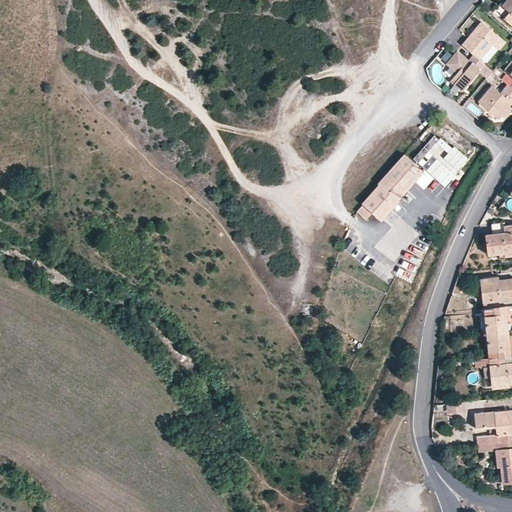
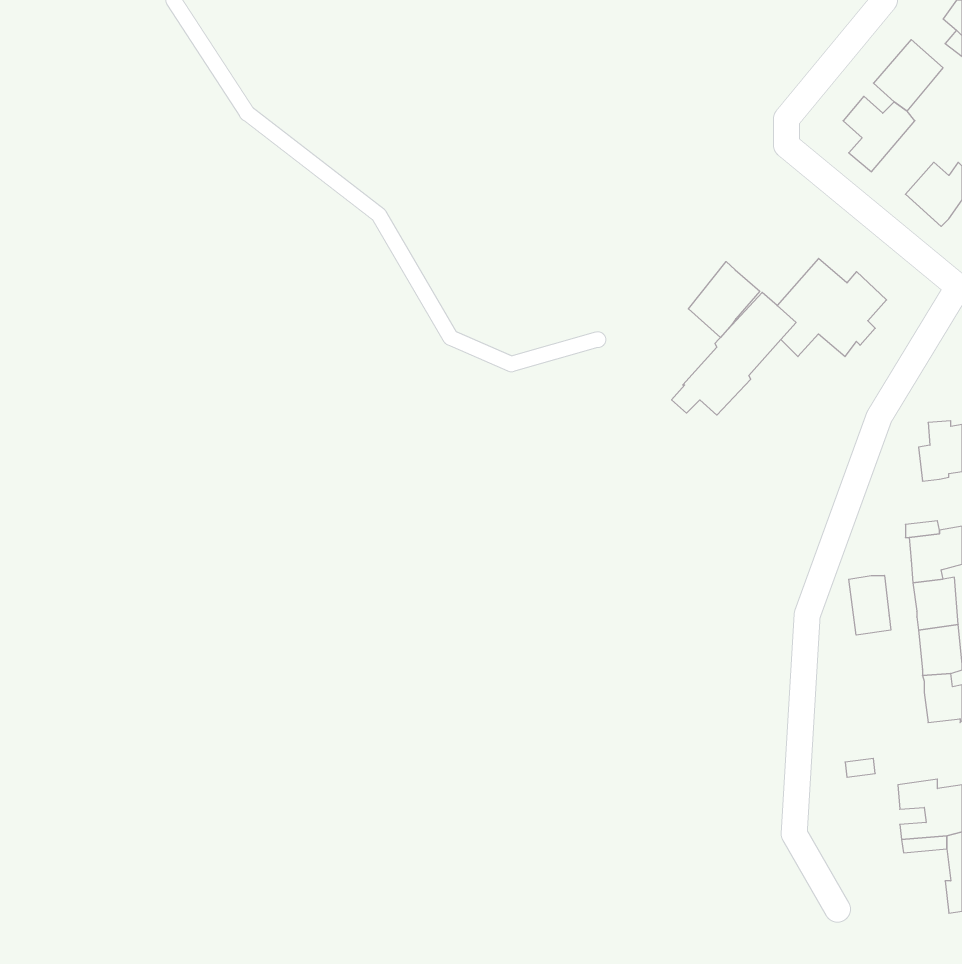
building: none -> [688,262,760,337]
building: none -> [849,575,891,635]

